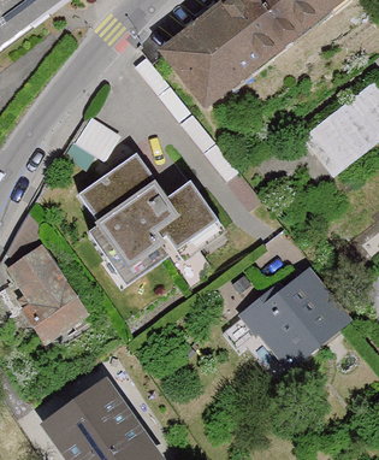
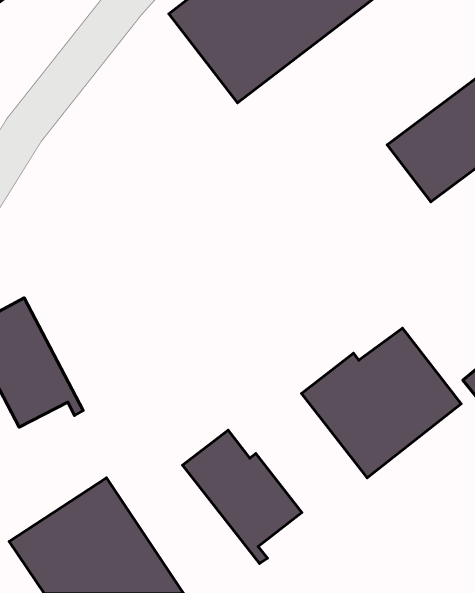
building: [75,151,230,288] -> none
building: none -> [183,430,302,564]

